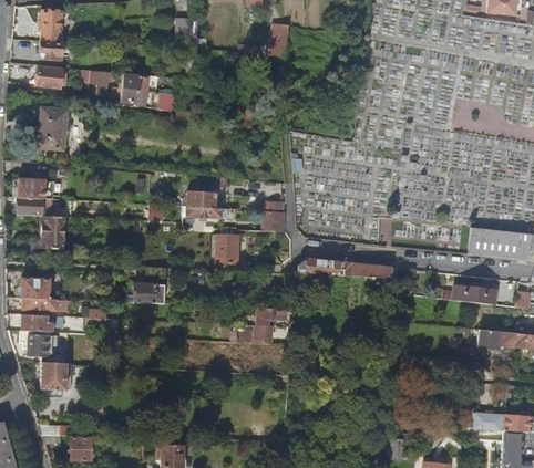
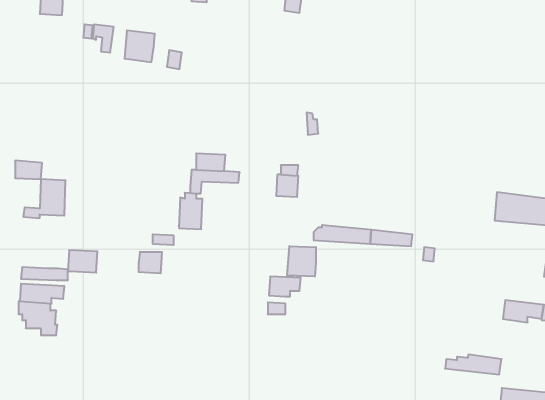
building: [37,65,62,87] -> none
building: [38,107,66,149] -> none
building: [17,178,53,199] -> none
building: [216,229,238,263] -> [179,193,202,229]
building: [21,278,49,299] -> [68,250,97,273]
building: none -> [287,246,316,277]
building: [442,285,495,304] -> [445,354,502,374]
building: [40,362,65,389] -> none

